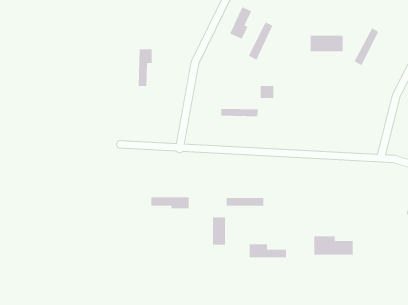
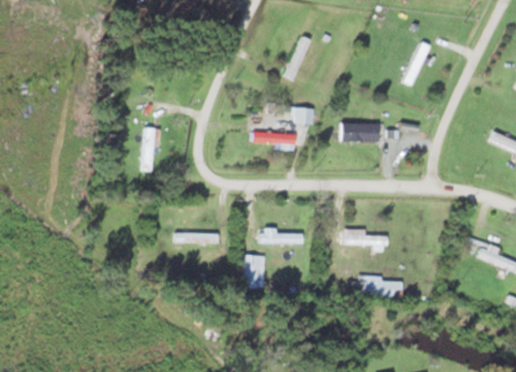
building: [229,6,252,40] -> none
building: [310,35,344,52] -> [341,122,378,142]
building: [138,48,153,87] -> [143,127,159,170]
building: [249,243,287,258] -> [344,228,386,245]

